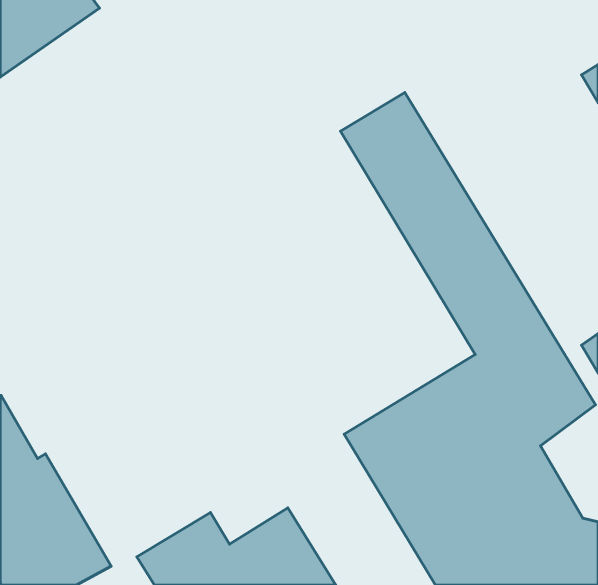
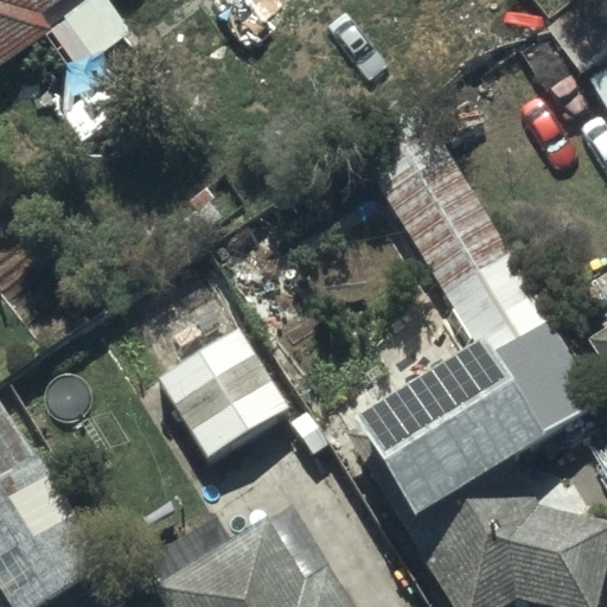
building: none -> [158,331,290,466]

